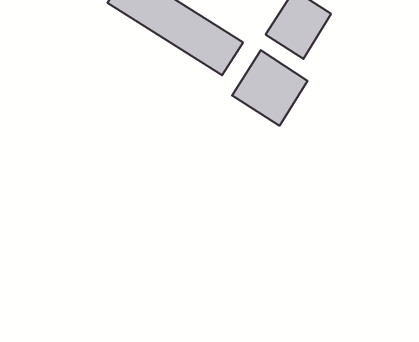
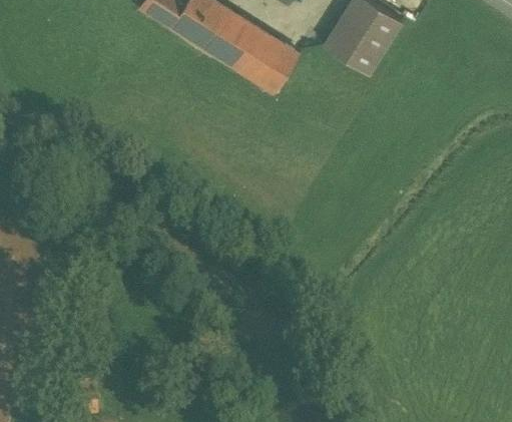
building: [232,50,307,126] -> none

